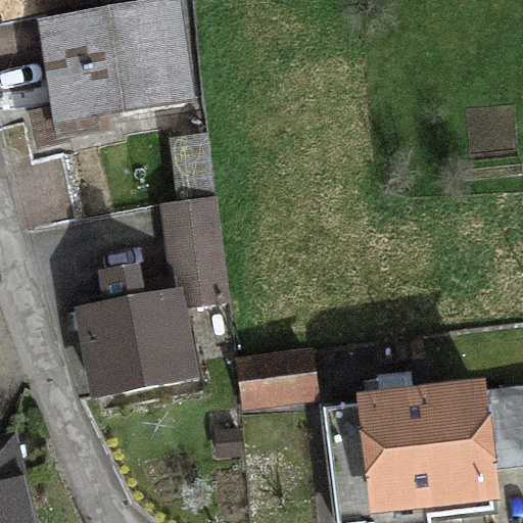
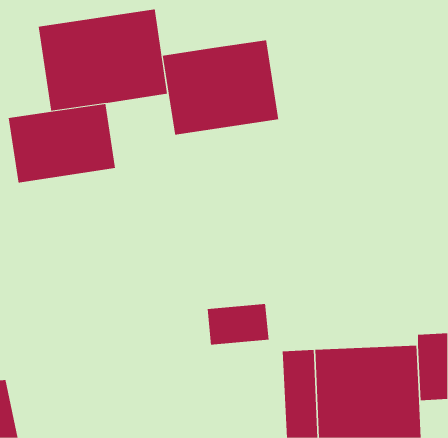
building: none -> [162,40,279,136]
building: [160,196,224,306] -> none
building: [82,290,189,401] -> none

